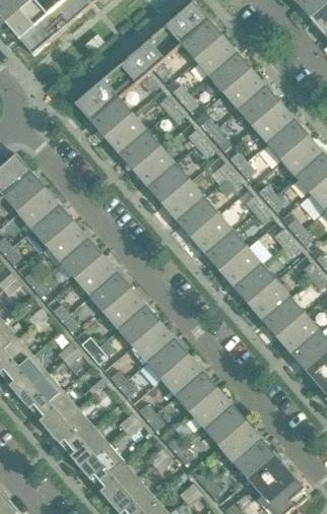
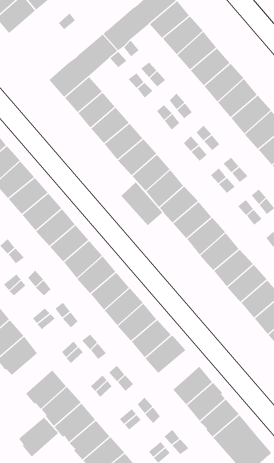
building: none -> [120,181,163,226]
building: [189,386,233,428] -> none
building: [36,389,78,432] -> [18,417,59,457]

